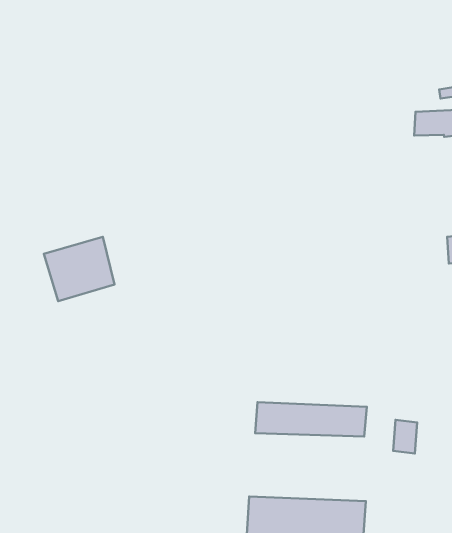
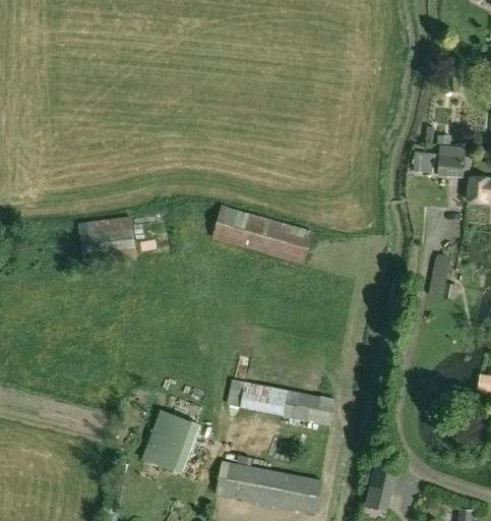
building: none -> [209,205,314,265]
building: [393,420,417,454] -> [367,467,391,499]
building: none -> [145,413,197,471]

